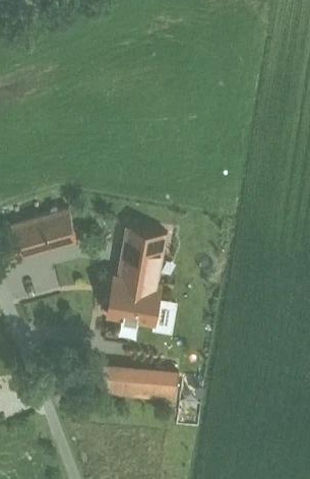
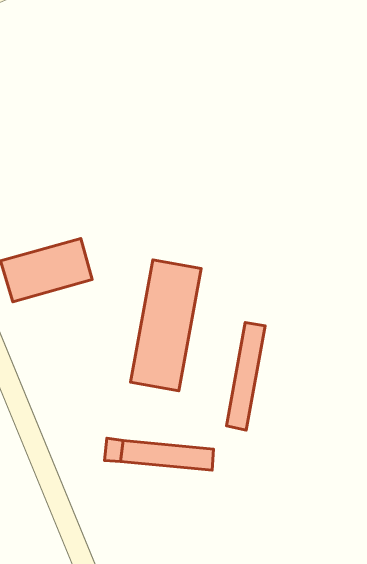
building: none -> [227,323,265,430]

